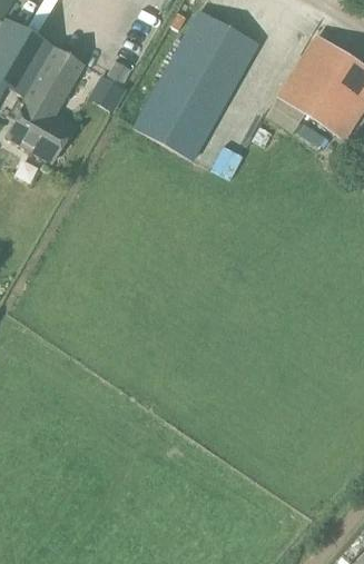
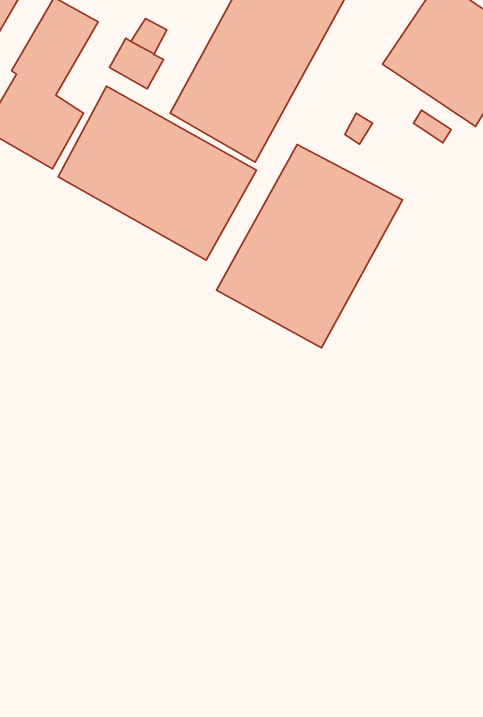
building: none -> [58,86,257,260]
building: none -> [217,144,402,348]

